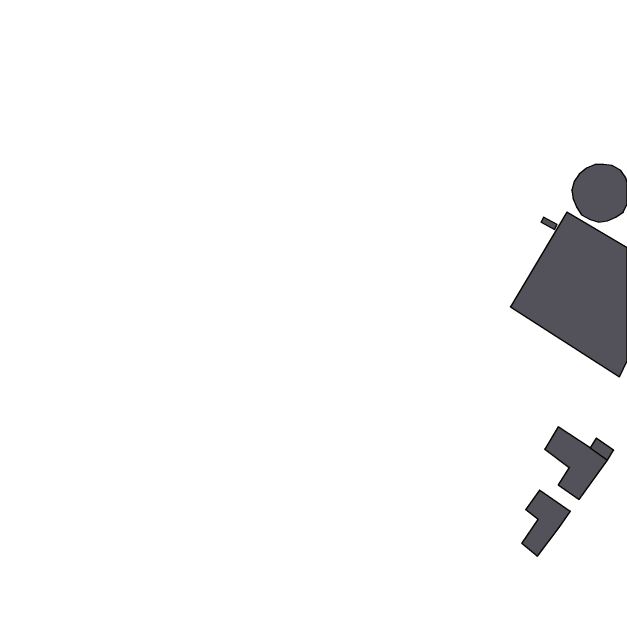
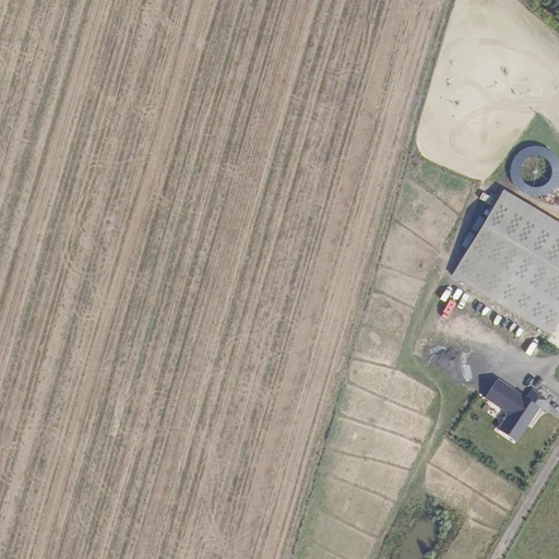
building: [522,490,570,556] -> none

